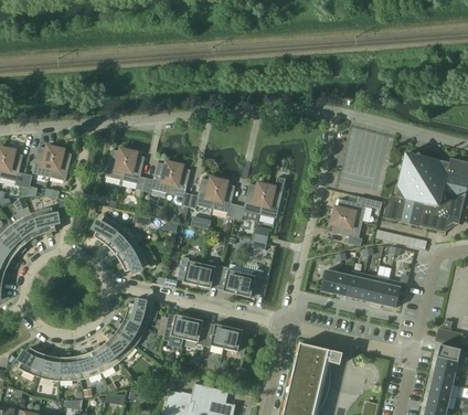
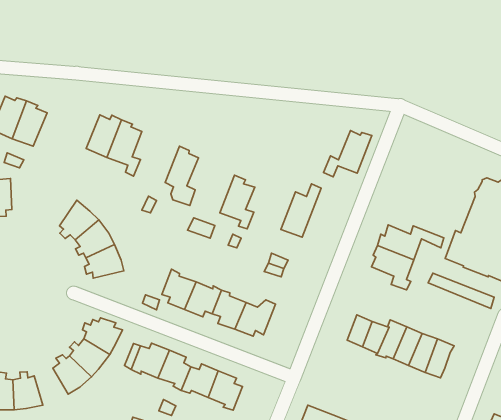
building: [143,161,174,192] -> none
building: [189,178,219,209] -> none
building: [234,183,266,220] -> [323,131,372,177]
building: [92,342,119,372] -> none

